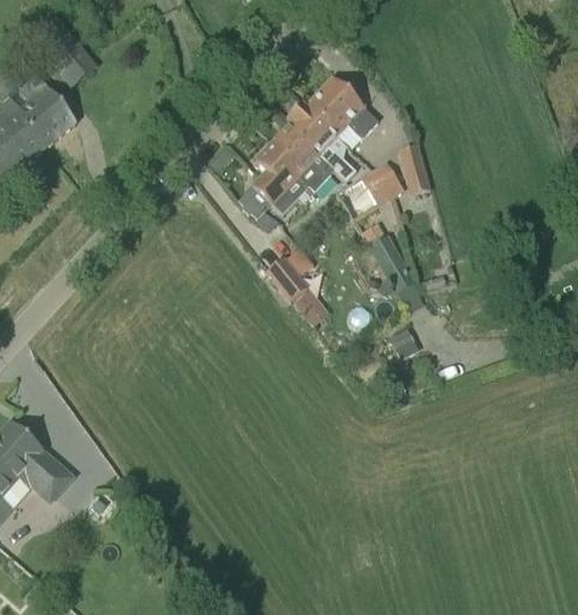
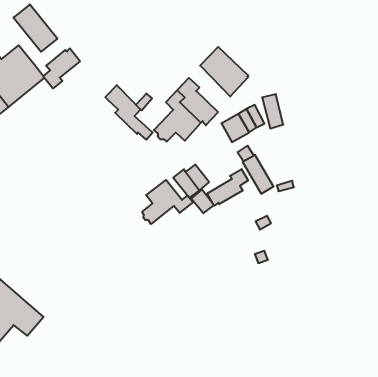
building: none -> [43,48,80,88]
building: [285,100,356,181] -> [105,85,153,140]
building: none -> [207,169,248,206]
building: none -> [142,180,193,224]

